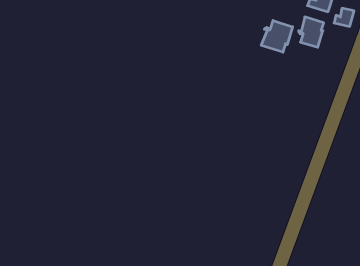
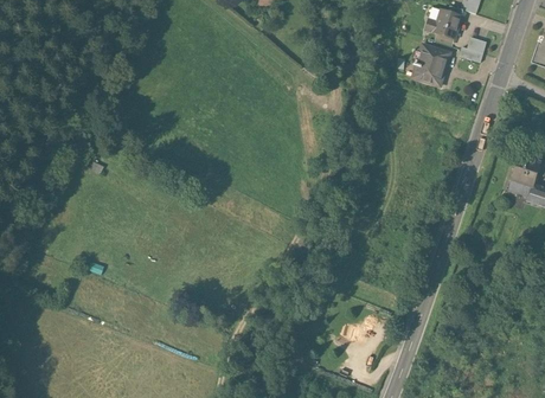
building: [261,20,293,52] -> none

